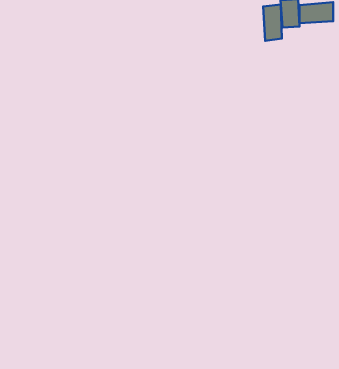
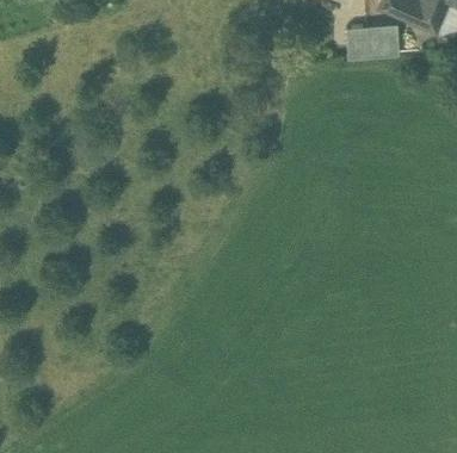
building: [263,4,282,41] -> none

